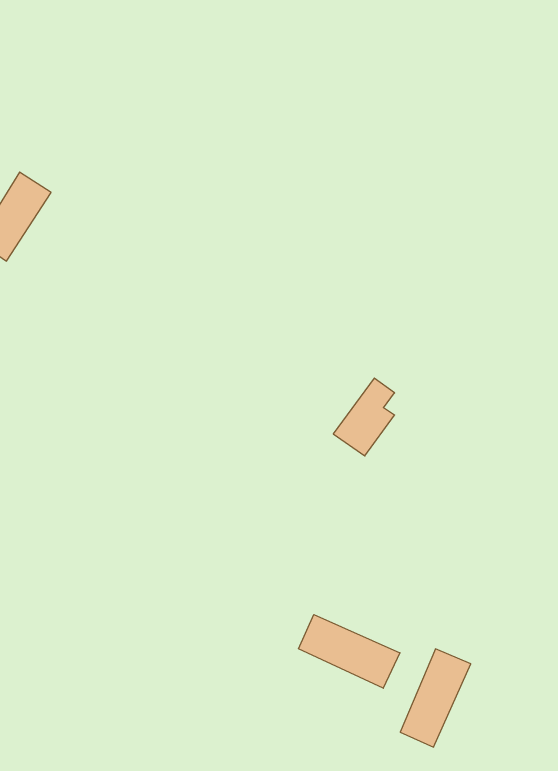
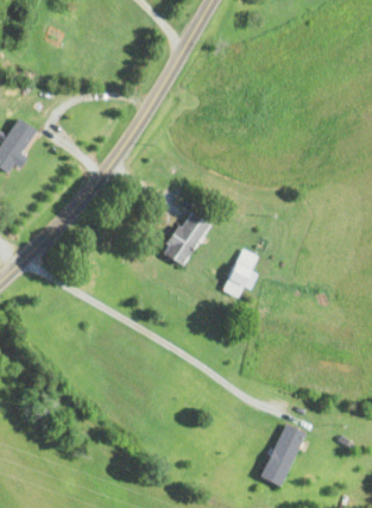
building: none -> [162,212,210,266]
building: [299,615,400,688] -> none

